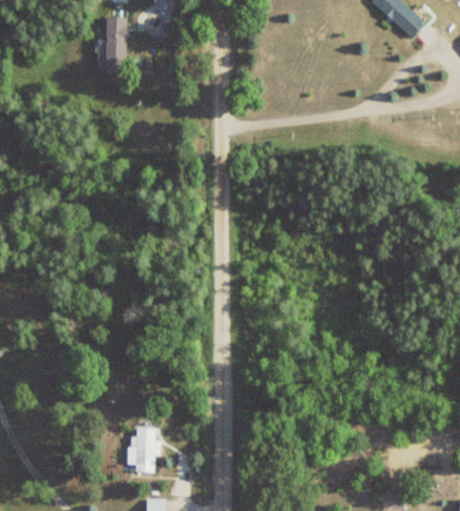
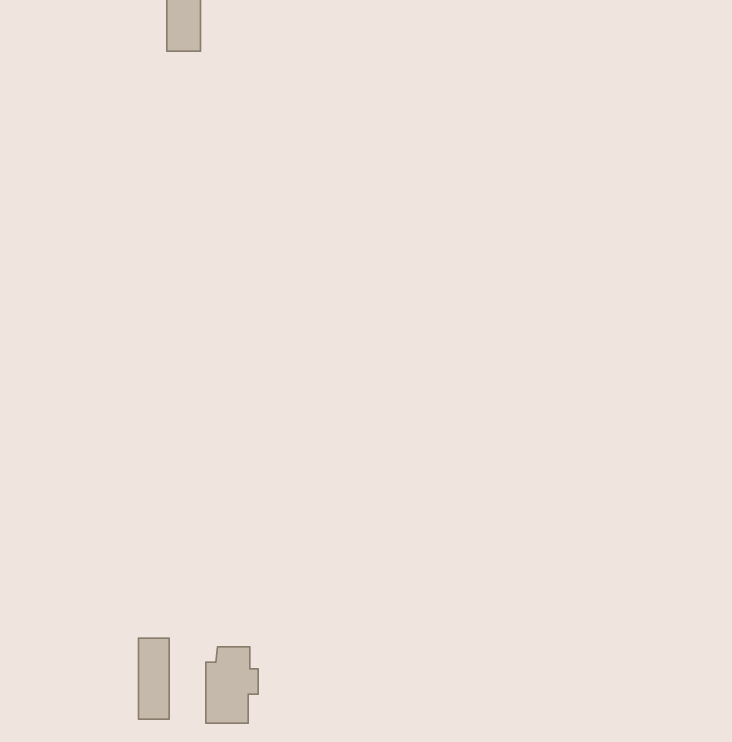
building: none -> [138,638,169,719]

